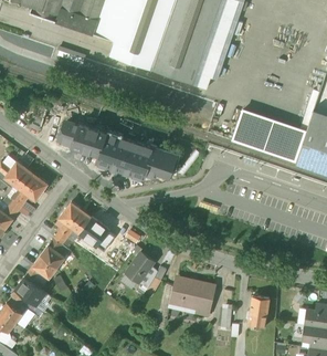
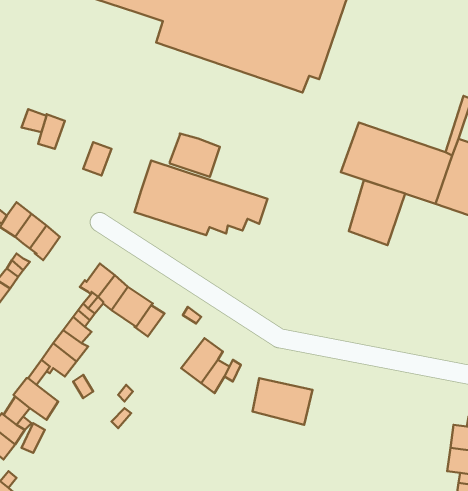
building: [73,125,106,154] -> [170,134,220,177]
building: none -> [349,180,405,245]
building: [247,296,270,328] -> none

